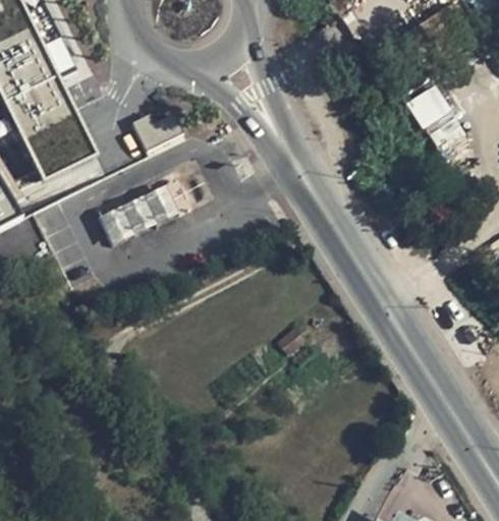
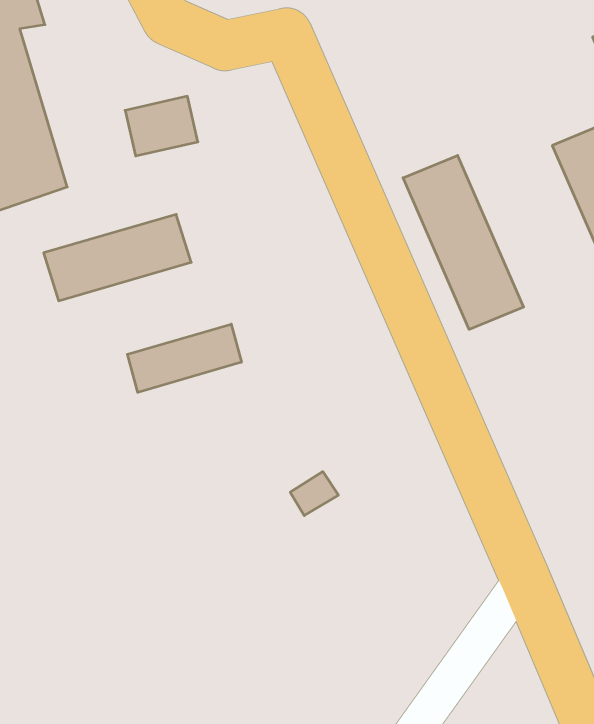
building: none -> [403,155,524,329]
building: none -> [127,324,241,392]

